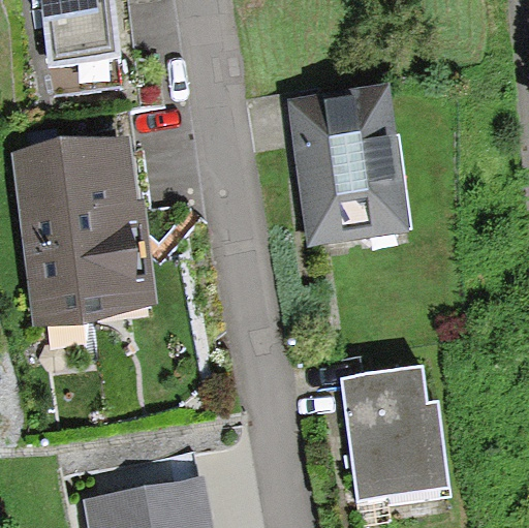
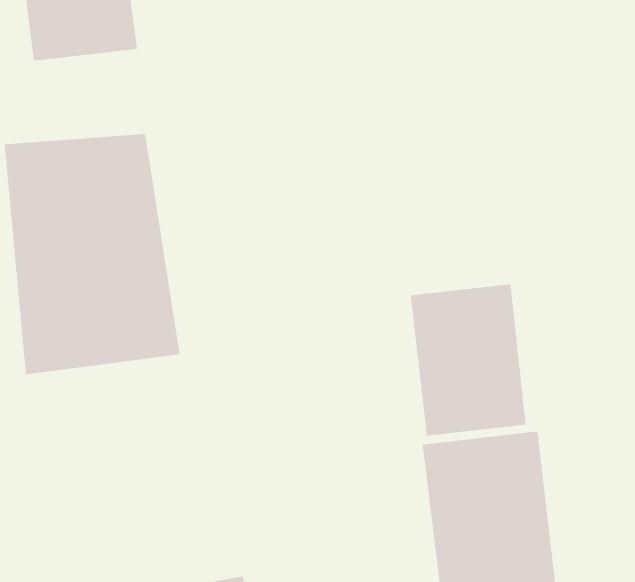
building: [287,84,411,246] -> none
building: none -> [410,283,526,436]

